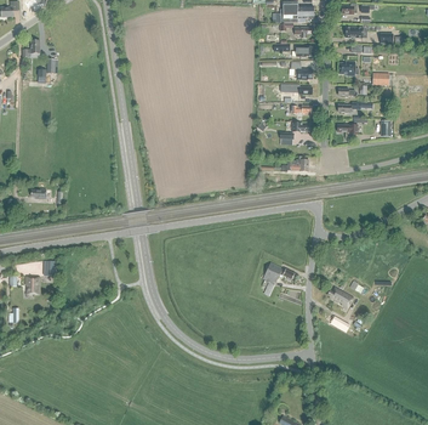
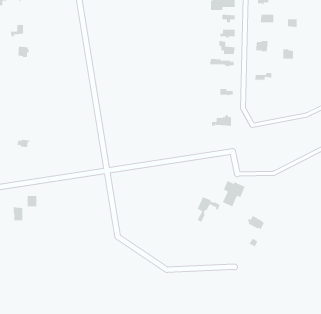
building: none -> [222,180,246,207]

